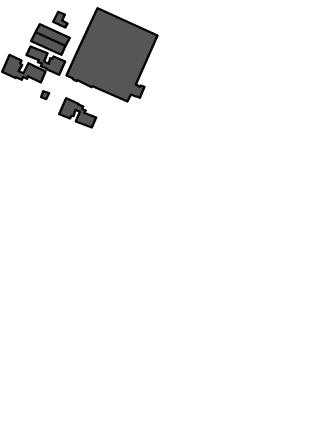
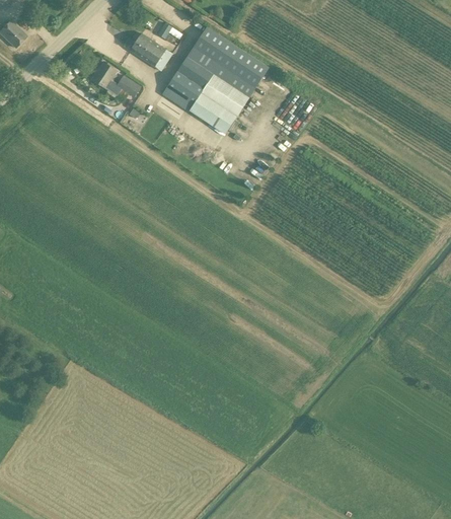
building: [27,46,65,75] -> none
building: [59,98,96,128] -> none

